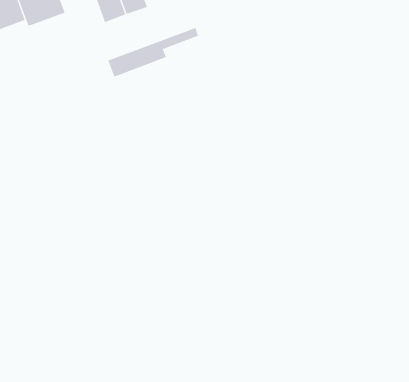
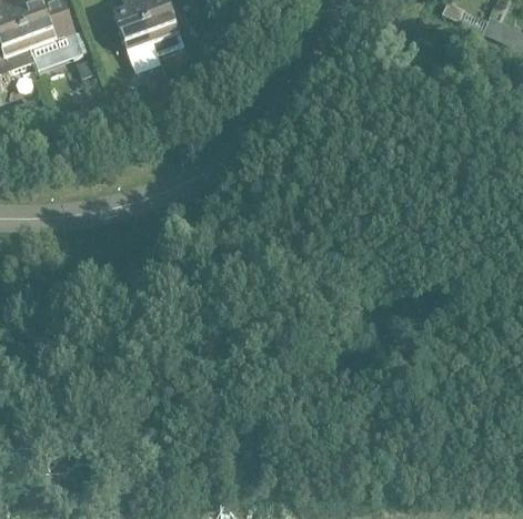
building: [108,27,199,78] -> none

